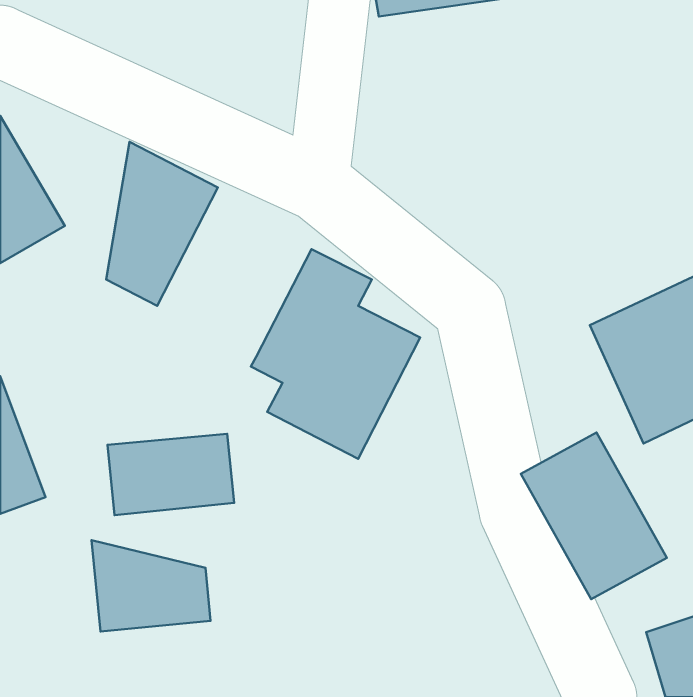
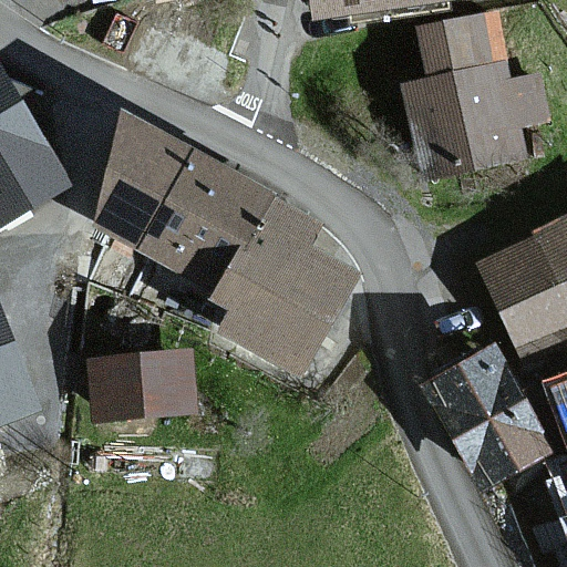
building: none -> [411,10,551,173]
building: none -> [135,151,264,287]
building: [91,540,211,632] -> none

